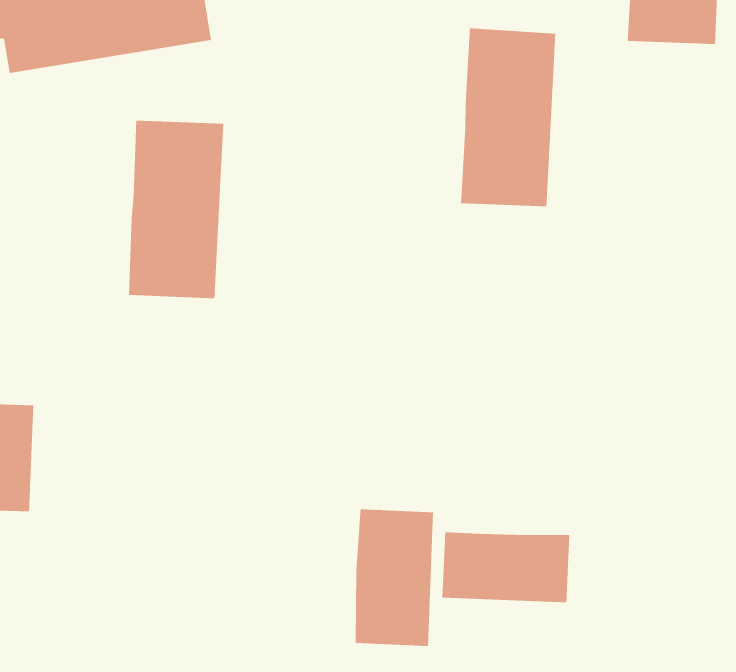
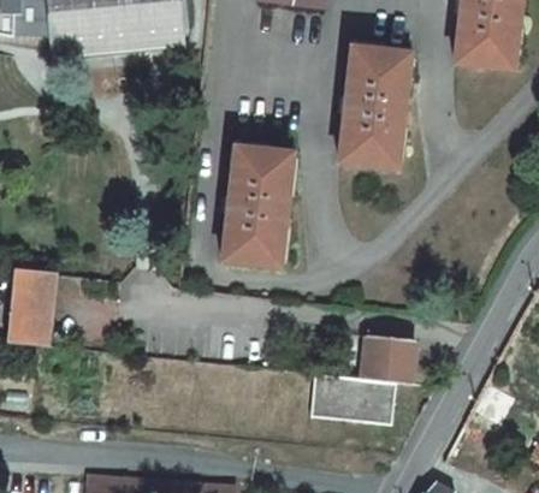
building: [128,120,224,299] -> [223,145,292,266]
building: none -> [362,333,415,382]
building: [355,509,434,647] -> none

